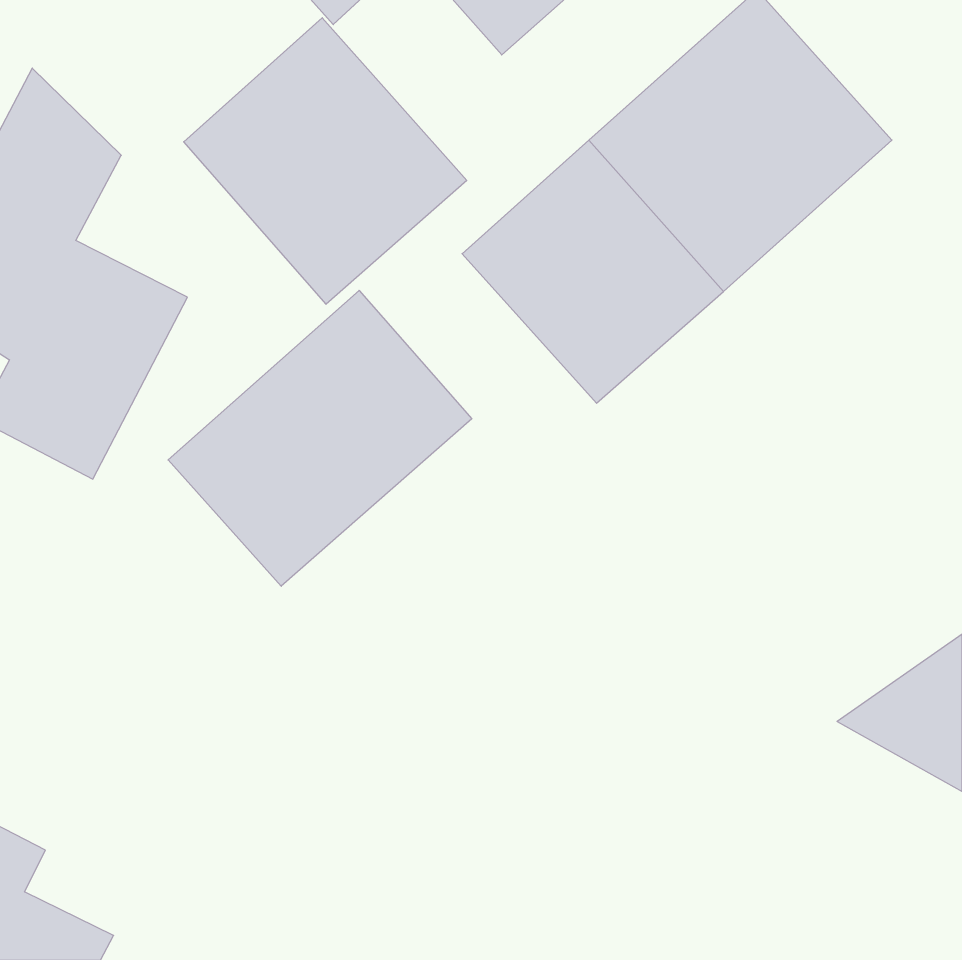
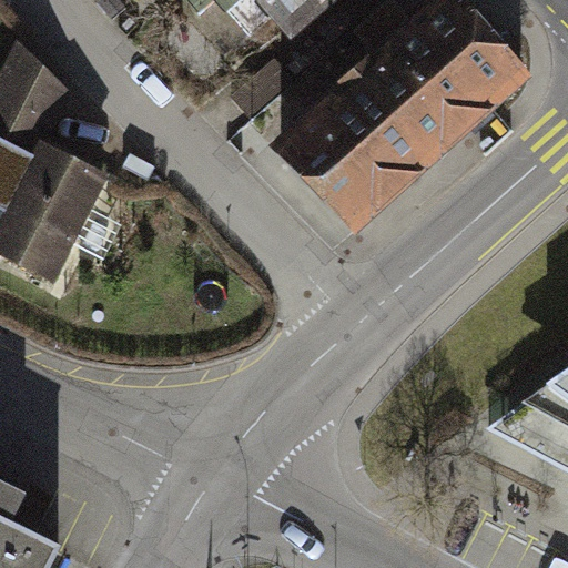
building: [184,18,467,304] -> none
building: [168,290,472,586] -> none

